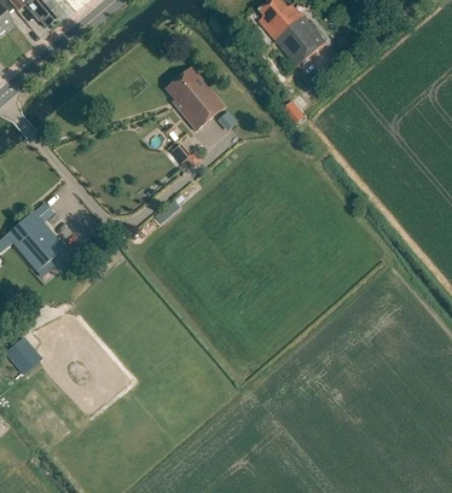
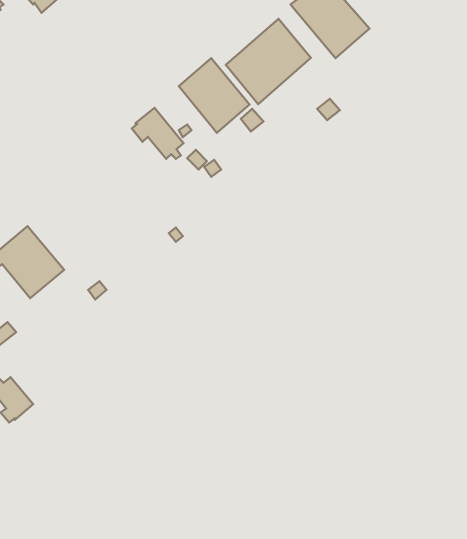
building: none -> [226,19,311,104]
building: none -> [132,108,183,159]

